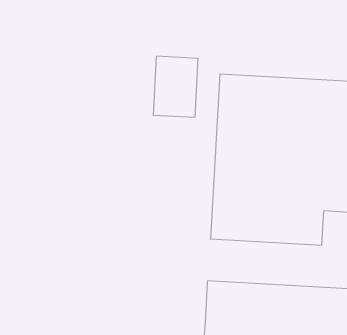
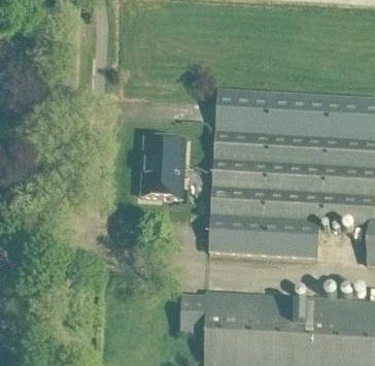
building: [153,56,198,117] -> [141,139,185,199]
building: none -> [179,294,205,334]

